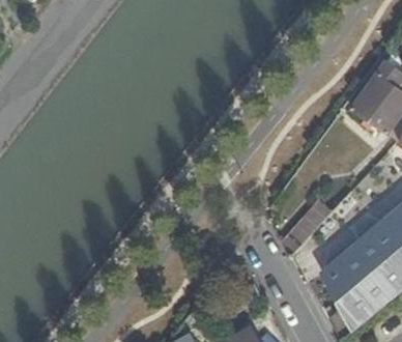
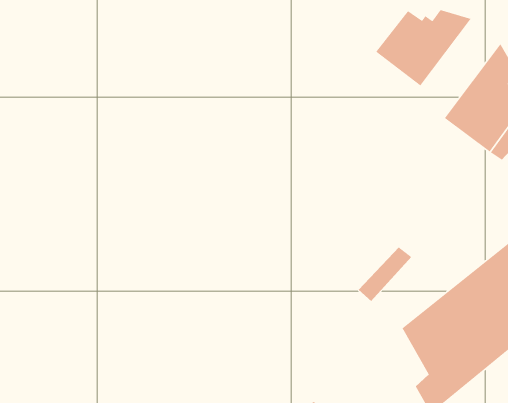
building: none -> [375,9,472,86]

